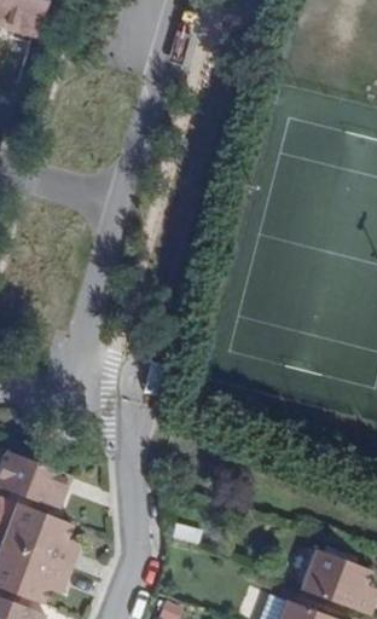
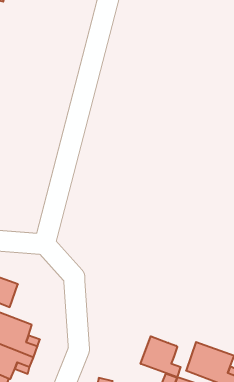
building: none -> [141,336,181,377]

